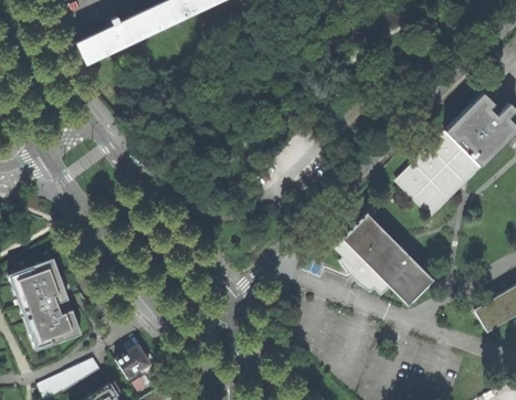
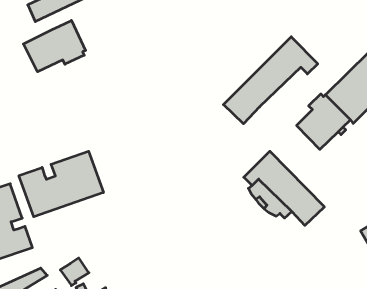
building: none -> [23,20,86,72]
building: none -> [223,37,318,124]
building: none -> [19,151,103,217]

